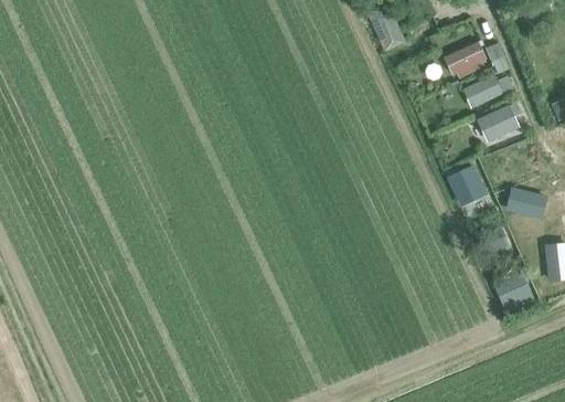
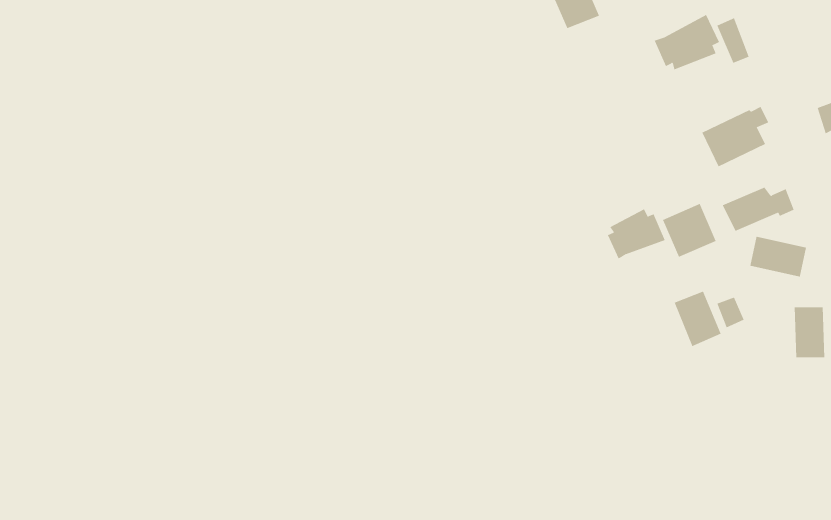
building: [466,76,514,106] -> [722,187,794,231]
building: none -> [607,208,665,259]
building: [501,273,533,310] -> [674,291,722,347]

